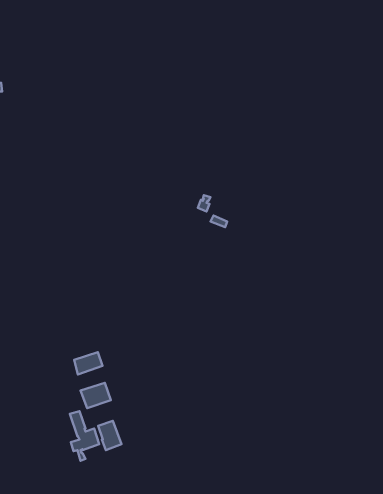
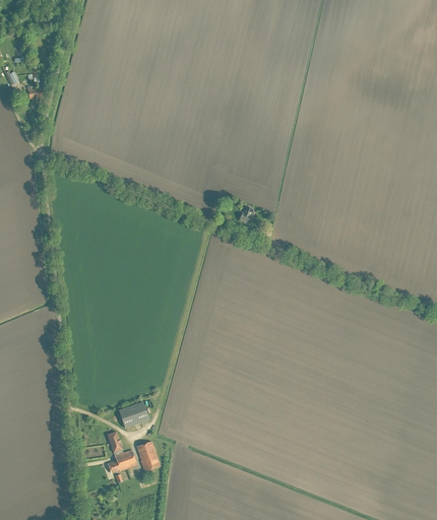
building: [74,352,103,374] -> none

